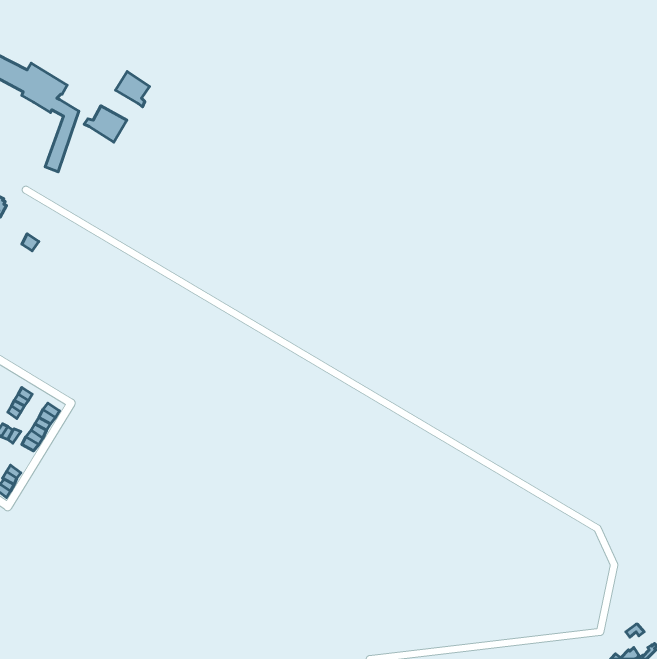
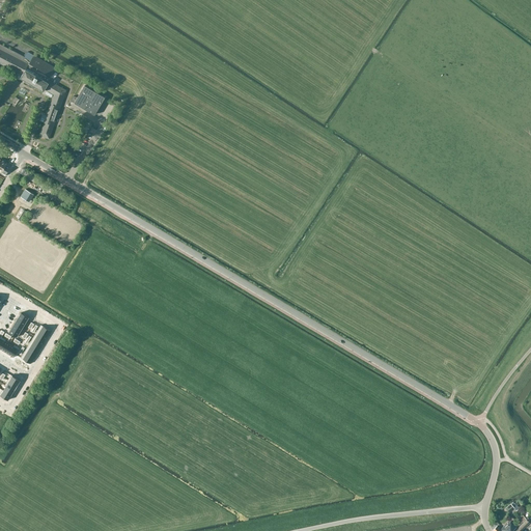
building: [115,72,149,107] -> none

